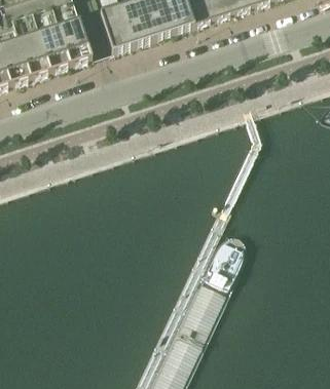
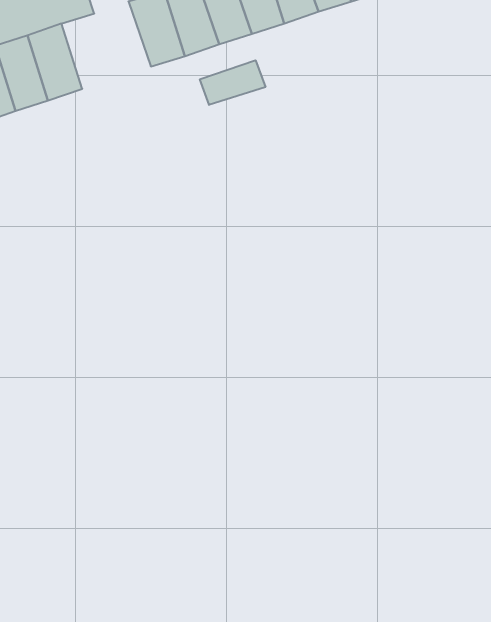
building: [58,15,90,61] -> none
building: none -> [200,60,265,105]

